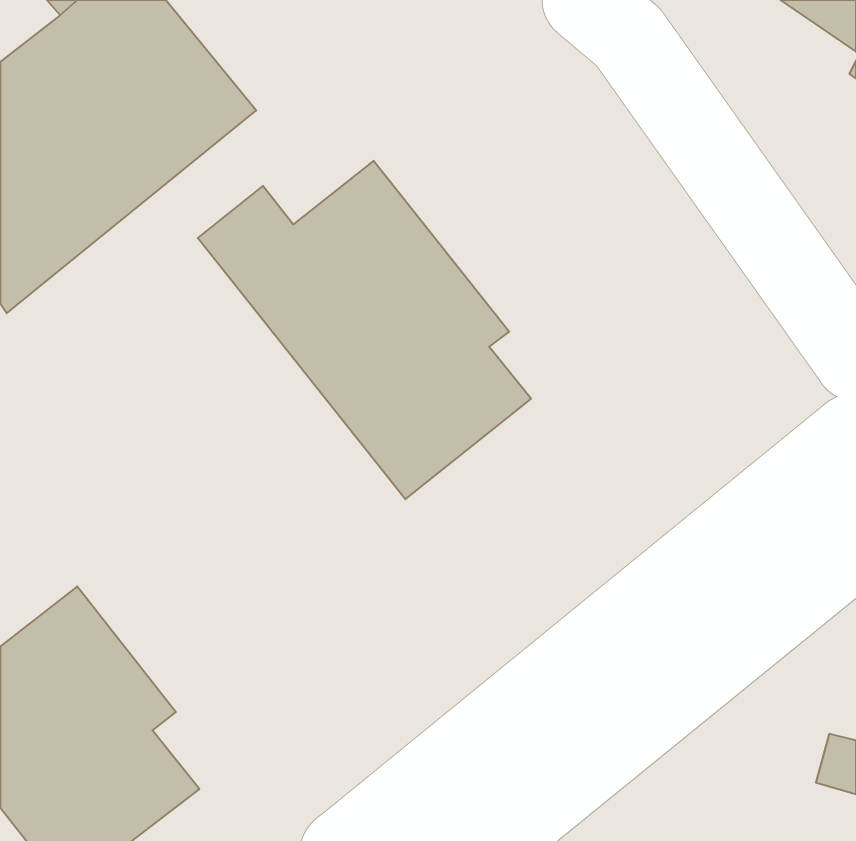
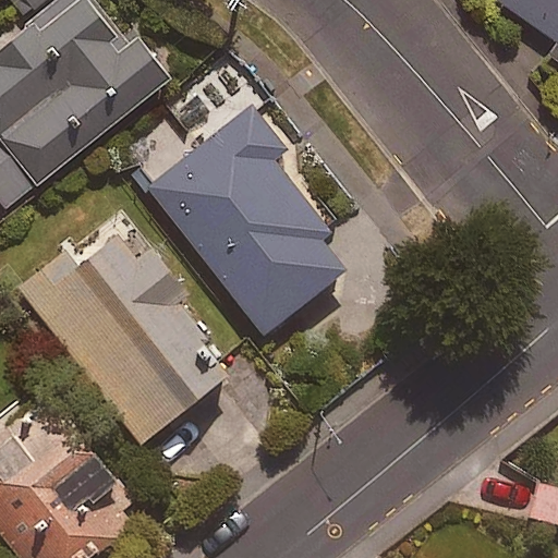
building: none -> [20,217,230,441]

